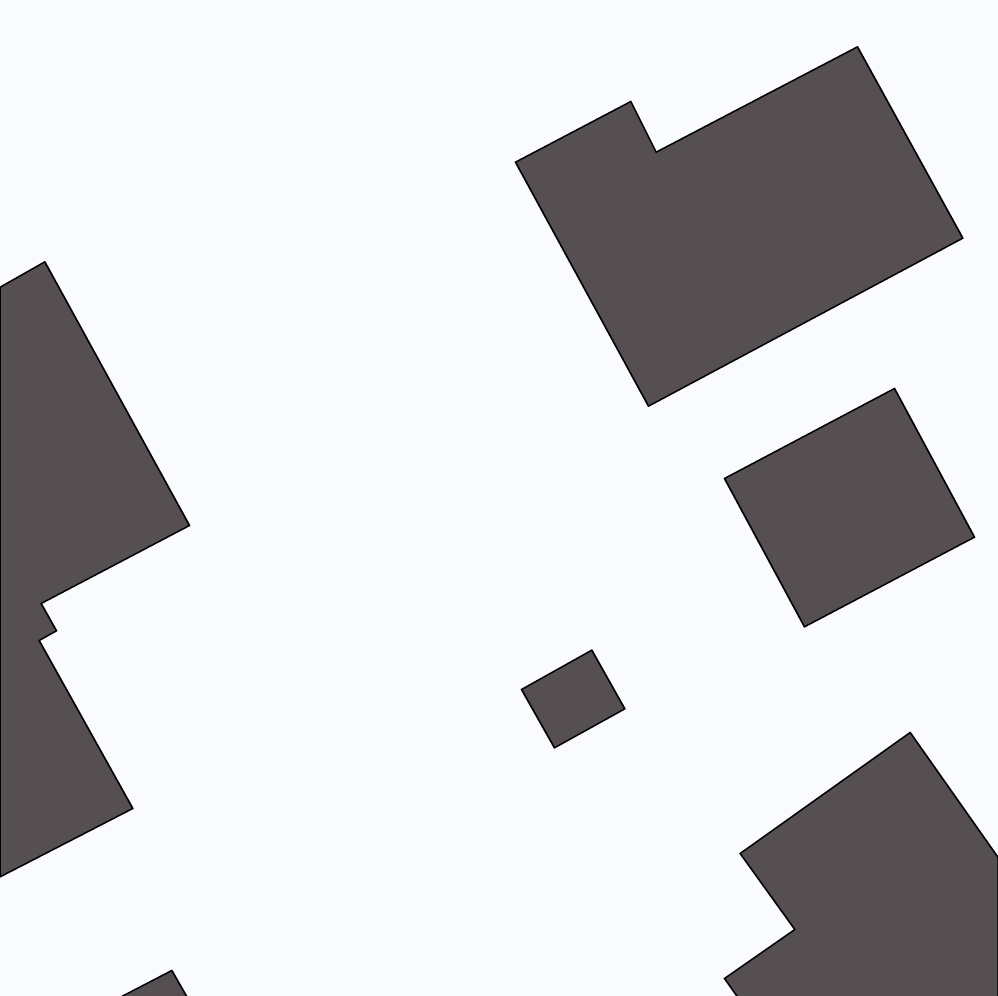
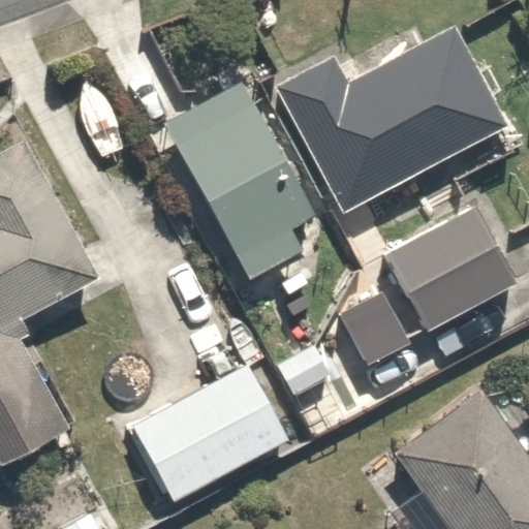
building: none -> [163,81,315,281]
building: none -> [131,365,287,502]

